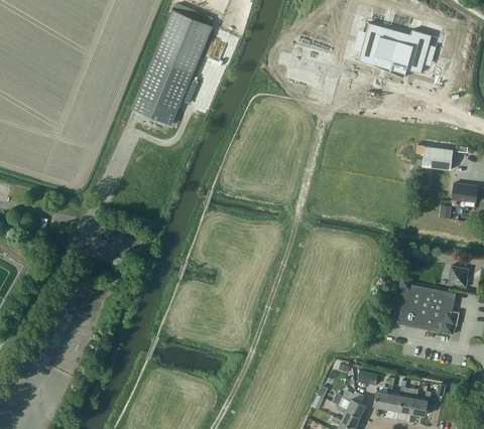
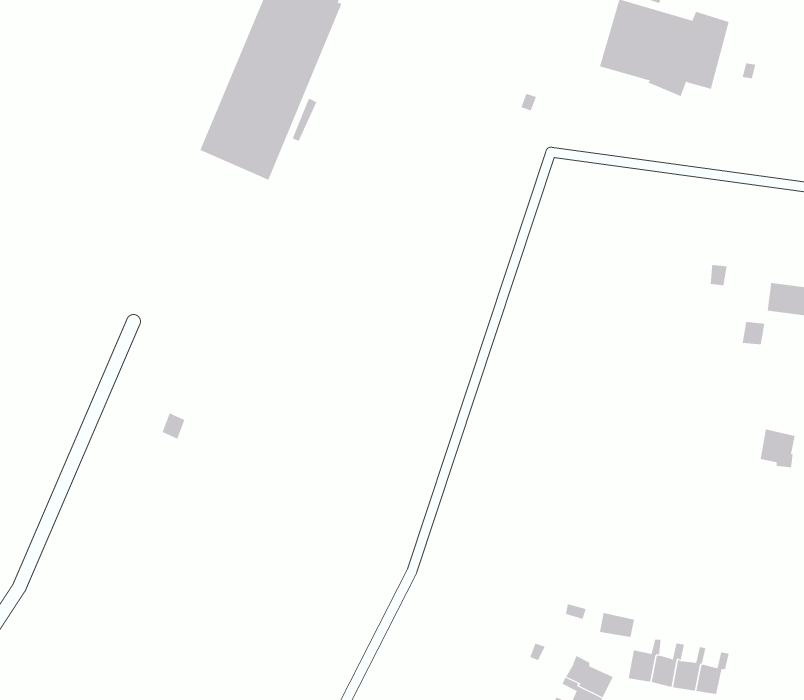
building: [422,147,454,170] -> none
building: [398,277,458,335] -> none

